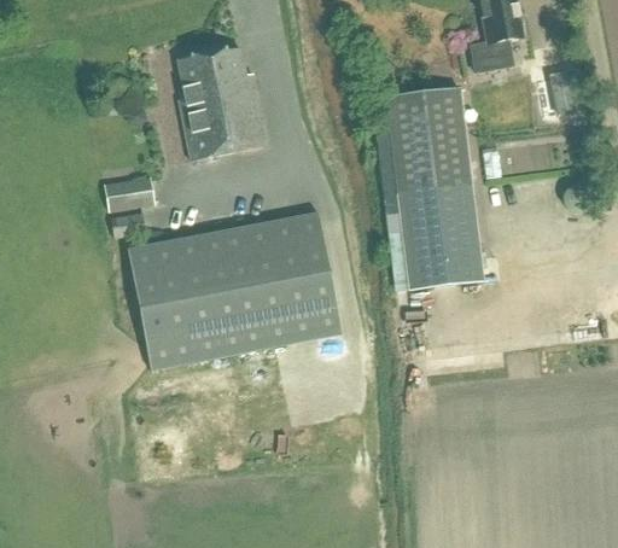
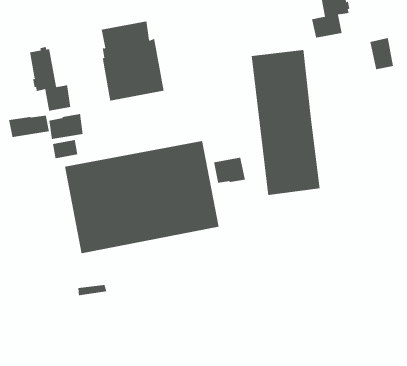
building: none -> [29,46,71,111]
building: none -> [8,115,50,138]
building: none -> [213,157,246,183]

